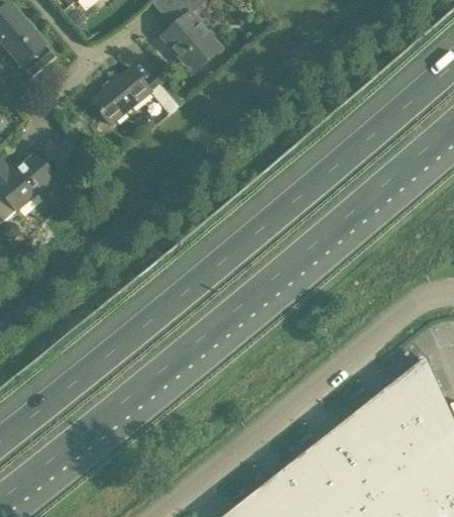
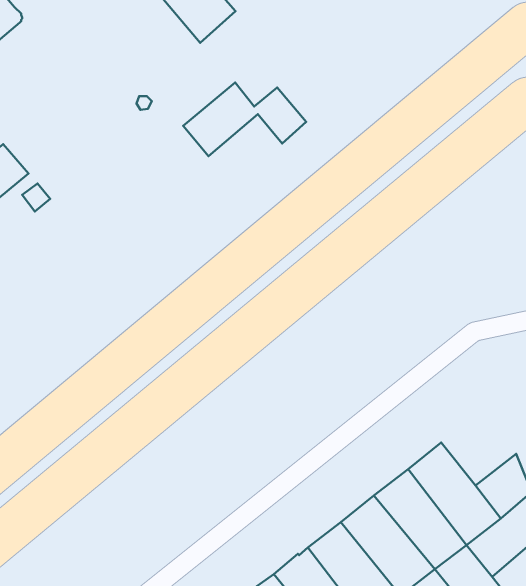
building: [90,67,188,125] -> [183,83,306,156]
building: [384,359,444,426] -> none

